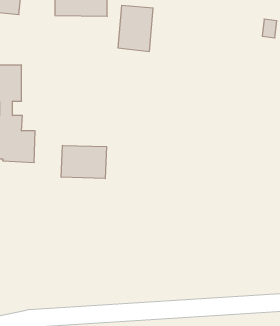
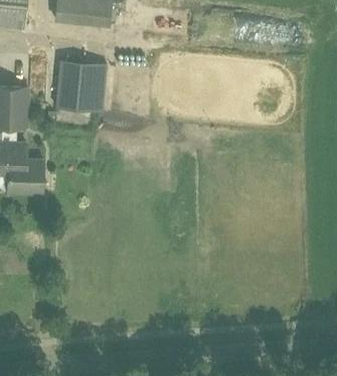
building: [118,5,153,51] -> [65,59,105,111]
building: [61,145,107,179] -> none

